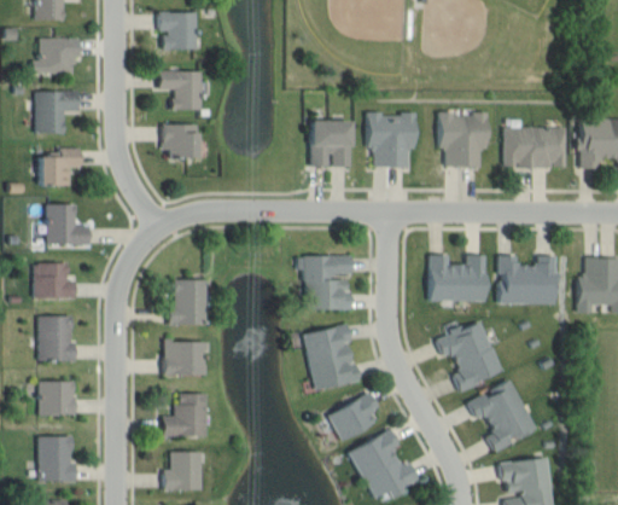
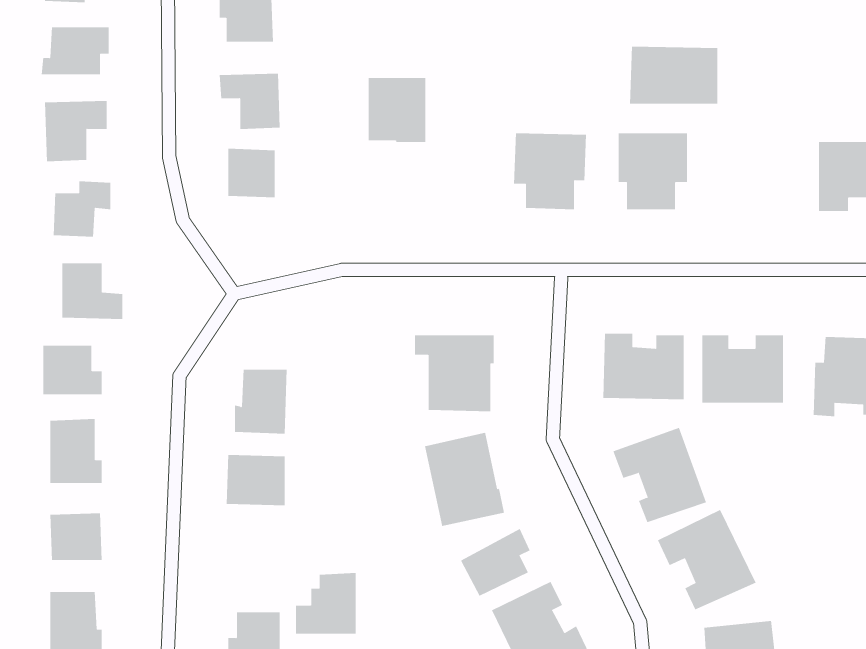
building: [311,122,352,168] -> [368,78,426,143]
building: [503,127,566,168] -> [629,46,718,104]
building: [163,394,206,437] -> [295,573,357,634]

